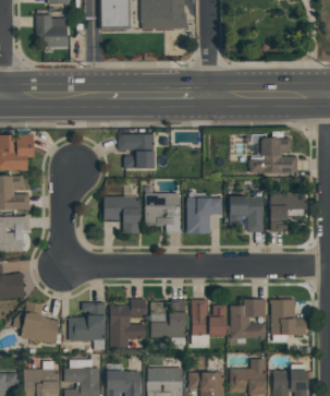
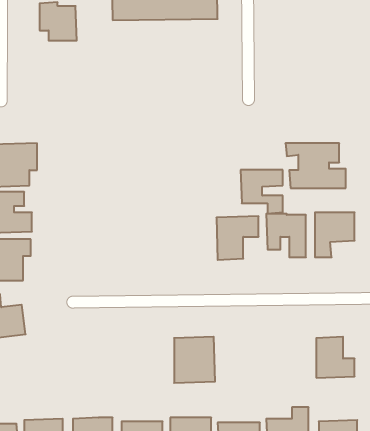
building: [118,134,154,168] -> none
building: [144,193,180,230] -> [241,170,283,214]
building: [103,196,138,232] -> none
building: [109,299,146,347] -> none
building: [191,299,225,335] -> none
building: [230,299,265,345] -> none
building: [21,301,59,343] -> none
building: [69,302,105,340] -> none

